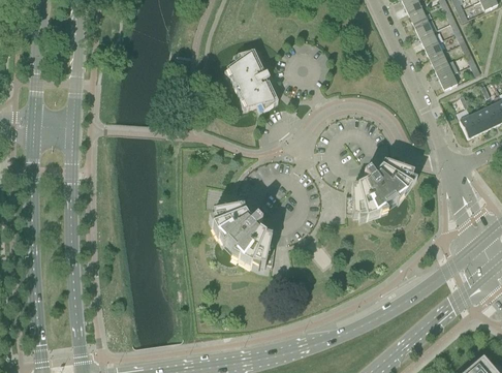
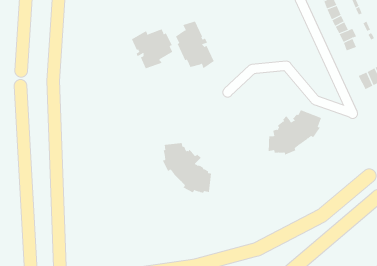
building: none -> [131,29,173,69]

